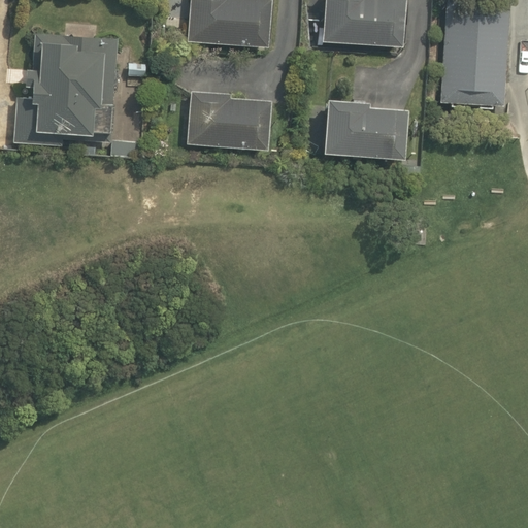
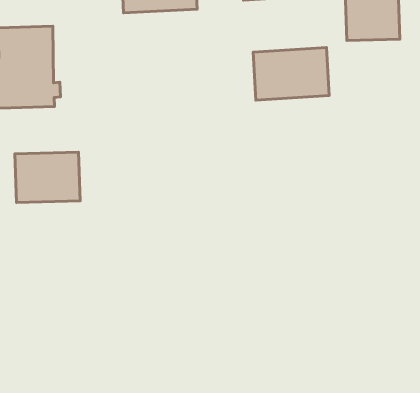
building: [186,90,273,154] -> none
building: none -> [15,152,80,203]

